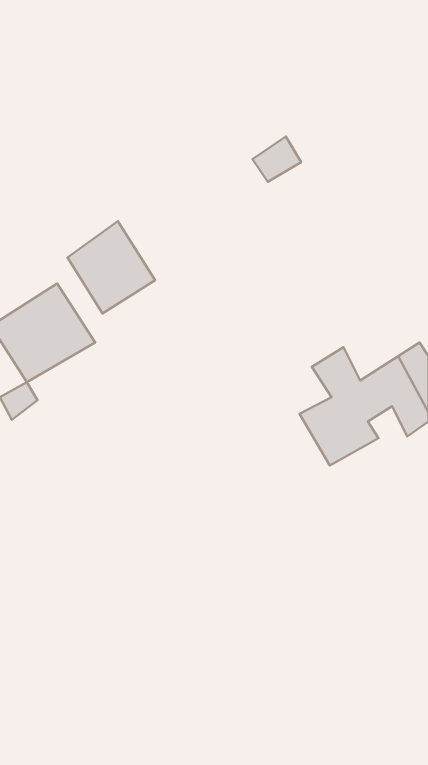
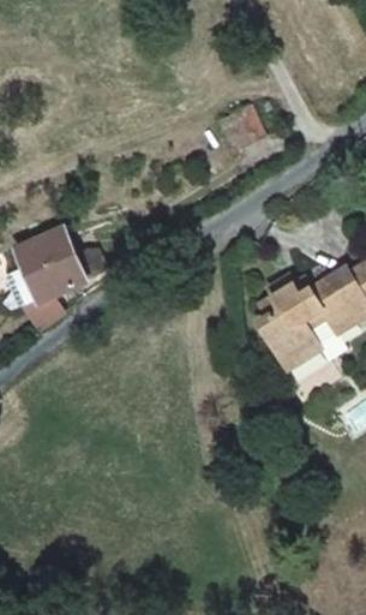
building: [67,221,155,314] -> none

